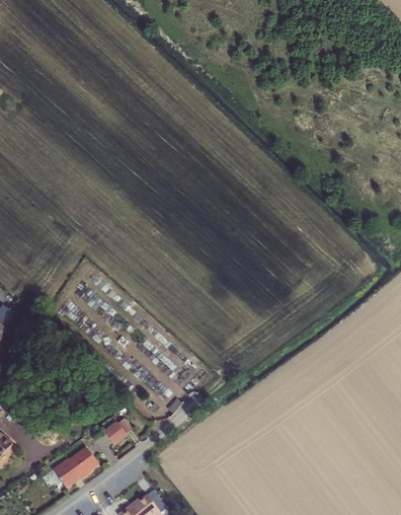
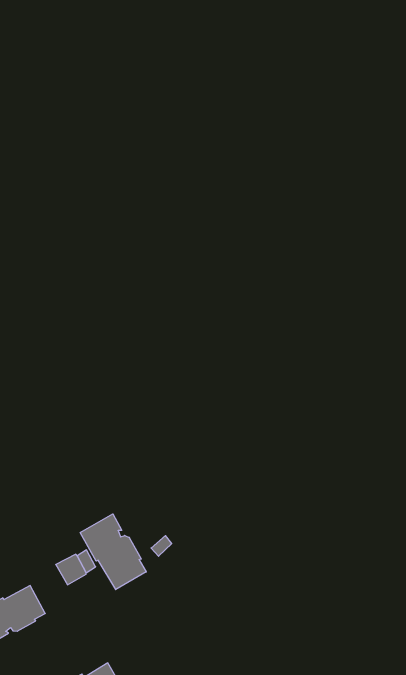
building: none -> [80,514,146,590]

